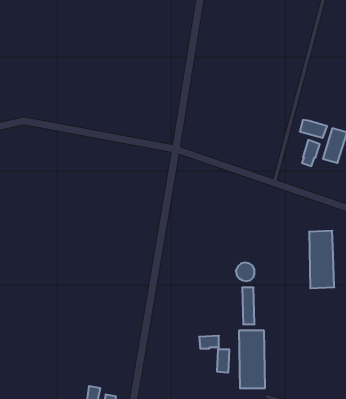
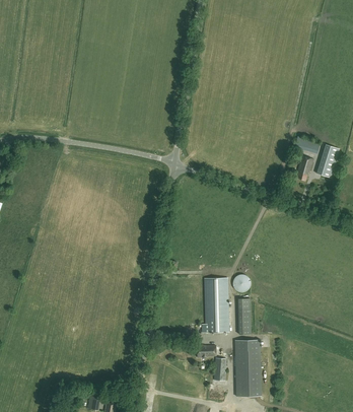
building: [309,231,334,288] -> [205,277,229,333]

